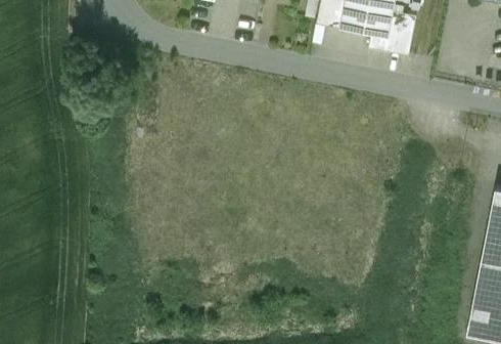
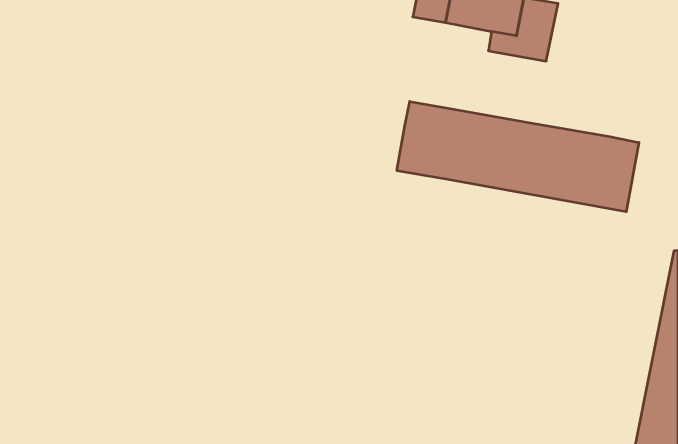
building: none -> [397,101,639,212]

